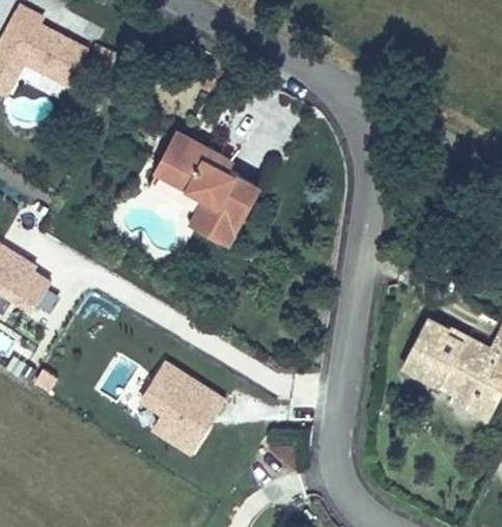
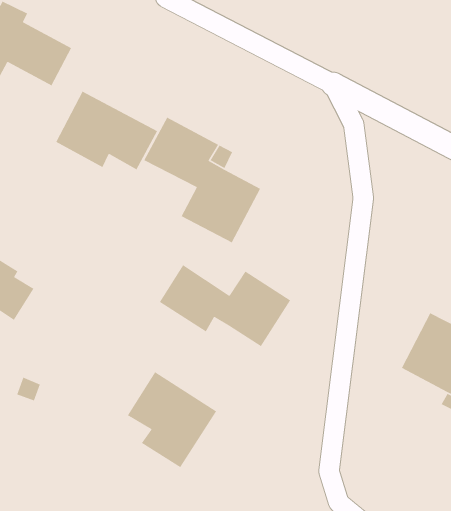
building: none -> [55,91,158,171]
building: none -> [159,264,291,347]

